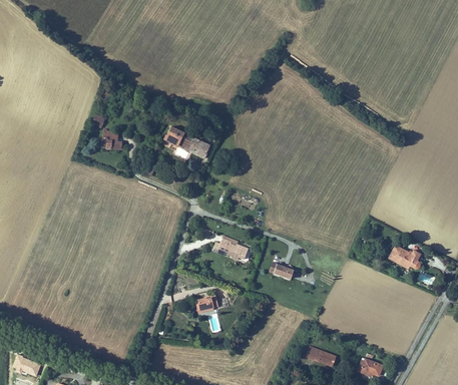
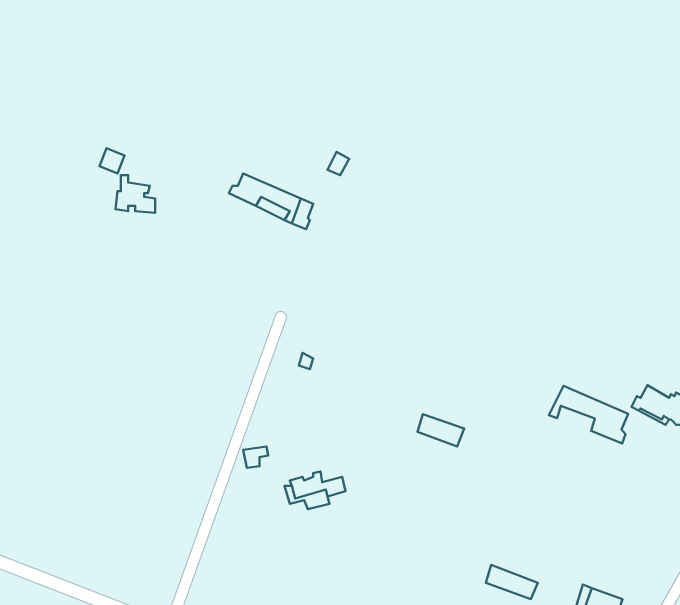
building: [211,238,248,259] -> none
building: none -> [549,386,628,443]

